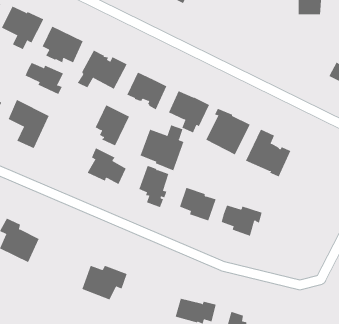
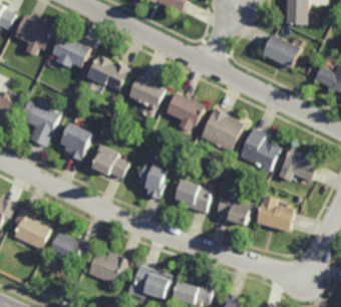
building: none -> [260,33,299,68]
building: [25,62,64,95] -> none
building: [95,104,130,146] -> [60,122,92,161]
building: [140,124,184,171] -> none
building: none -> [277,147,318,182]
building: none -> [255,196,292,232]
building: none -> [47,232,90,266]
building: none -> [126,265,170,299]

